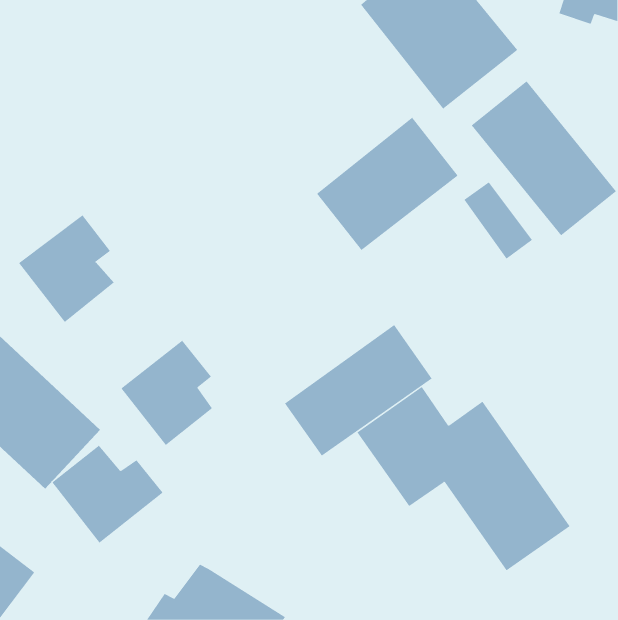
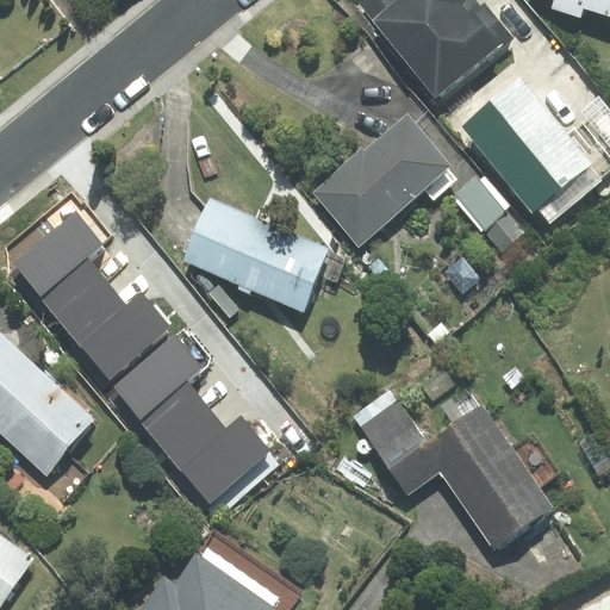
building: none -> [180,198,330,317]
building: none -> [63,276,173,374]
building: [284,324,433,456] -> none
building: [52,445,164,544] -> [162,399,272,496]

